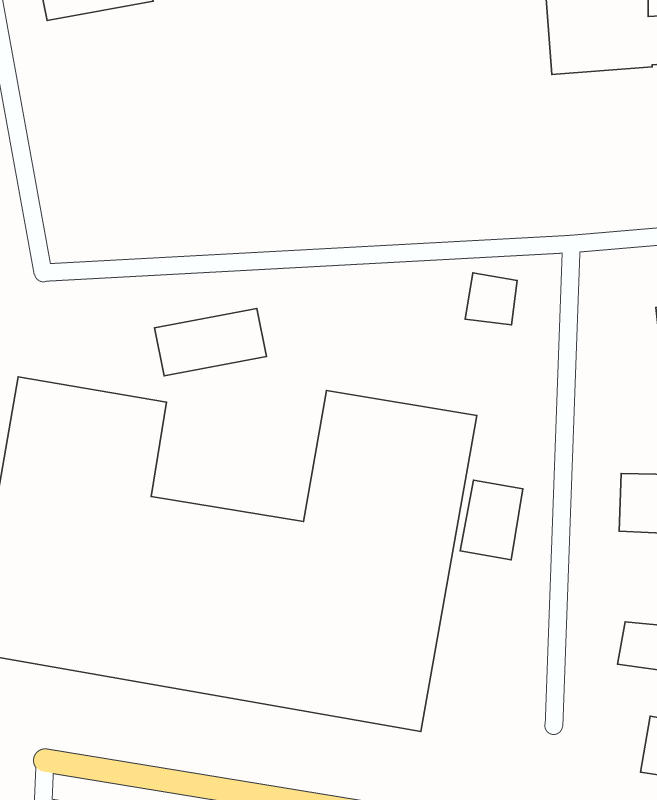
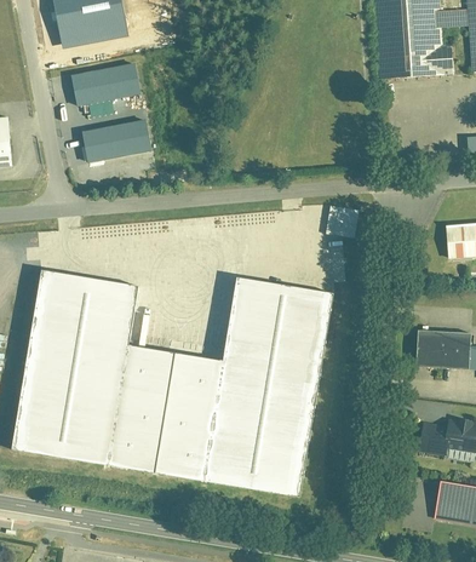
building: none -> [71,64,140,107]
building: [155,308,266,376] -> [80,119,150,161]
building: [460,480,523,560] -> none

